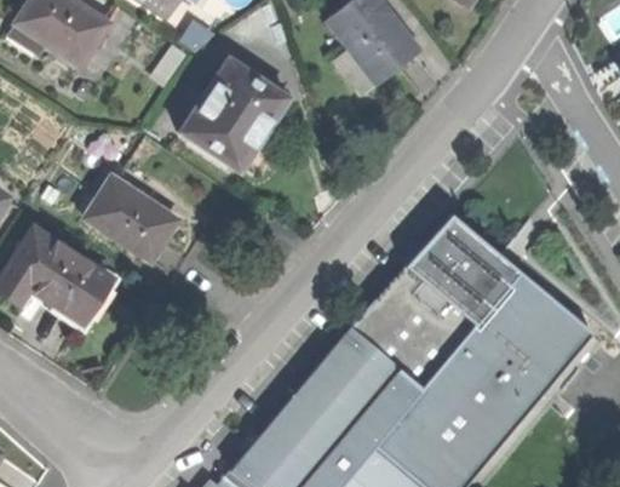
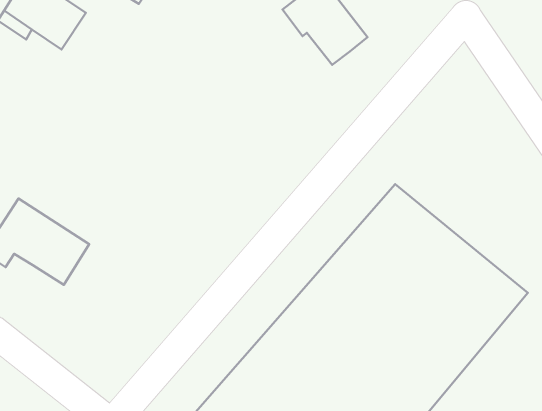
building: [183,61,293,174] -> none
building: [86,178,179,263] -> none

